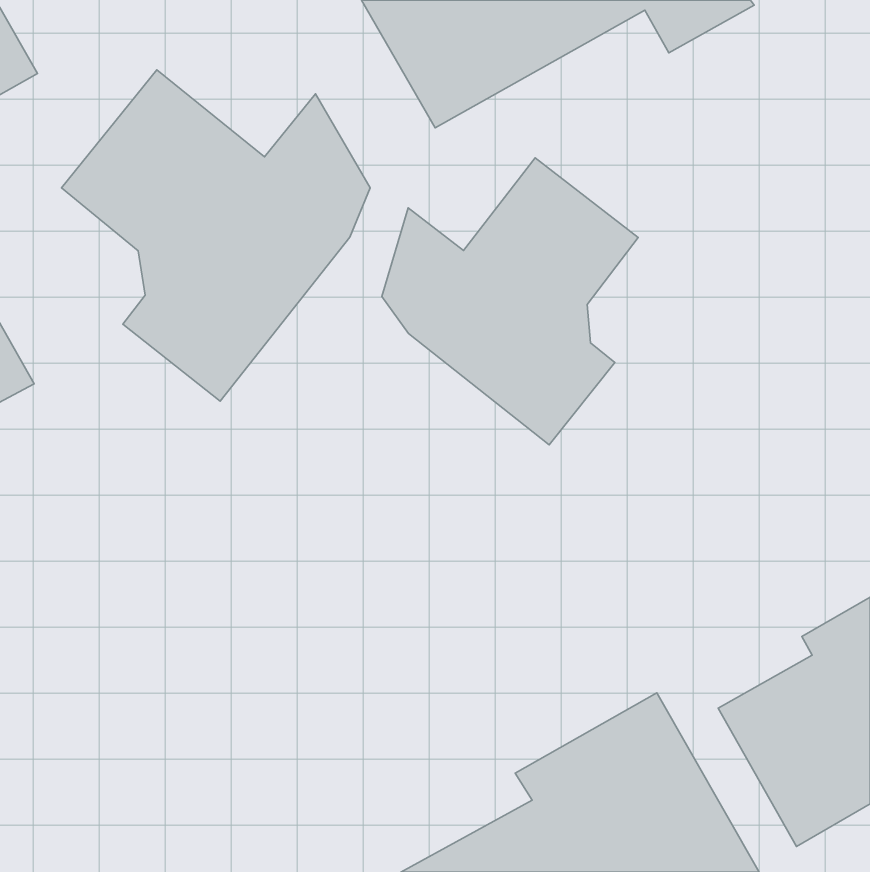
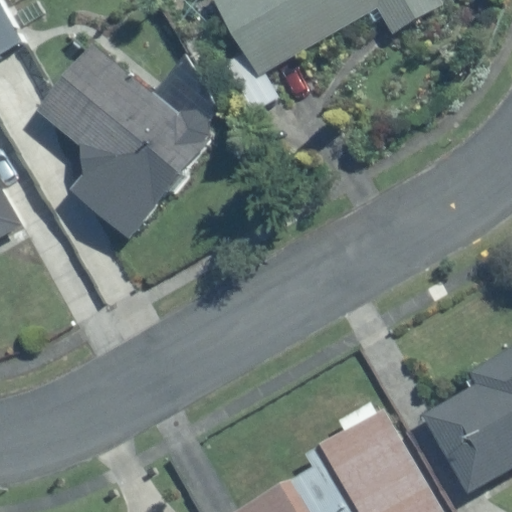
building: [382,158,638,445] -> none

